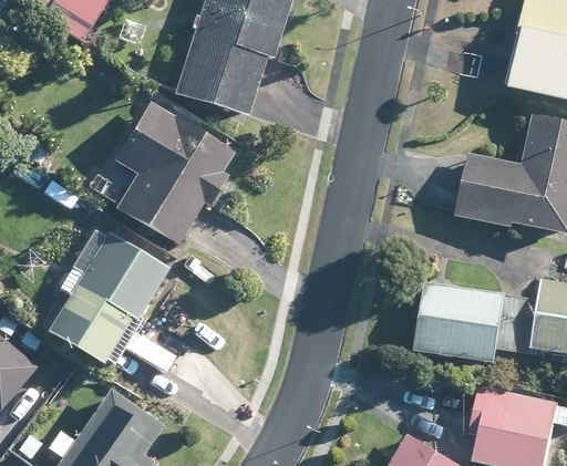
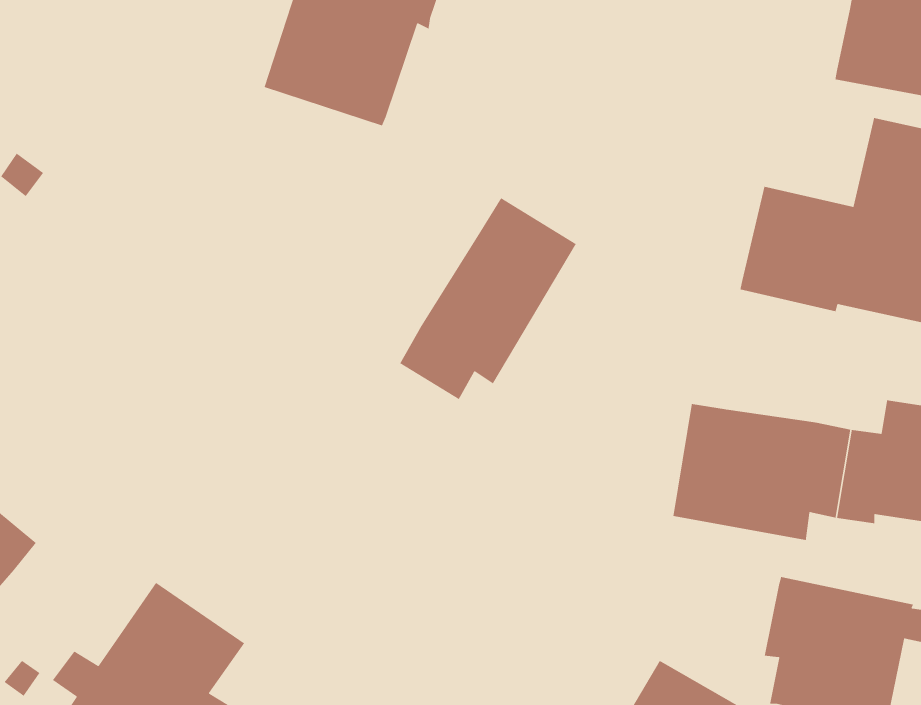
building: [114,102,231,245] -> none
building: none -> [399,197,577,400]
building: [45,230,167,364] -> none

